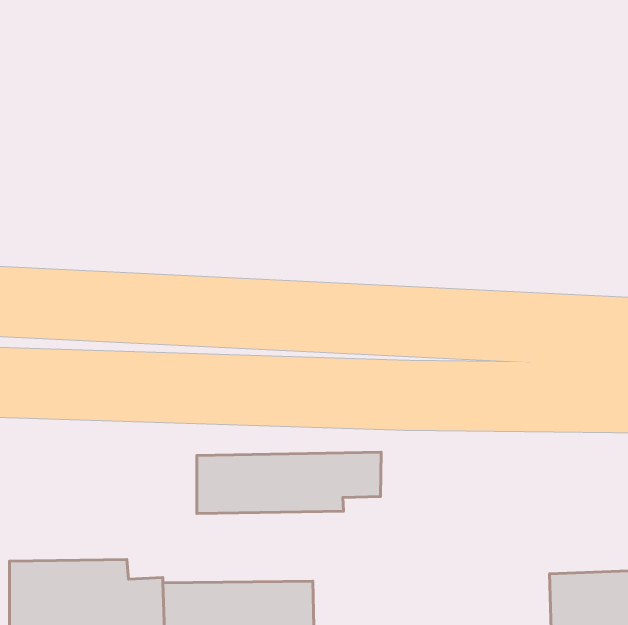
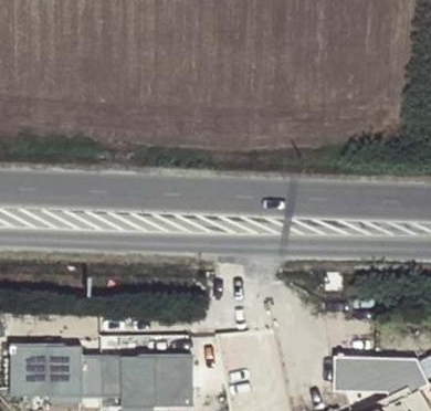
building: [197,452,381,513] -> none

